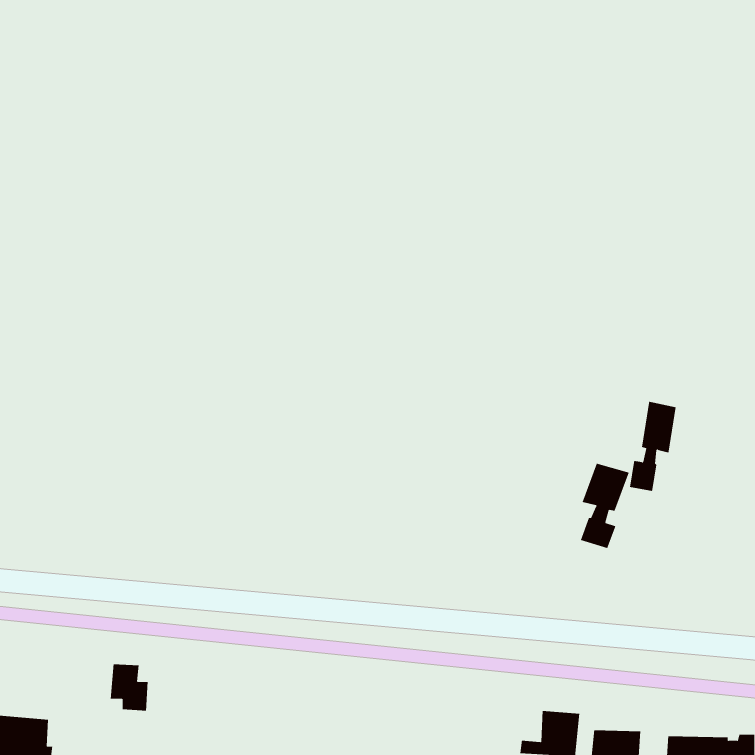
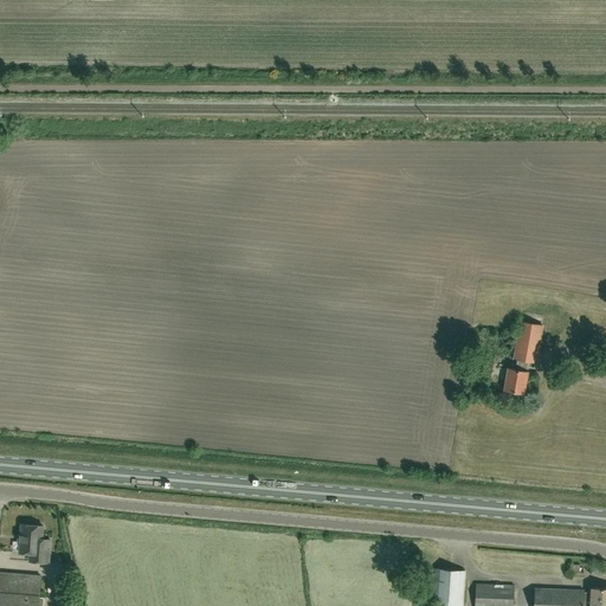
building: [580,463,629,549] -> none
building: [110,664,148,711] -> [18,526,49,563]

